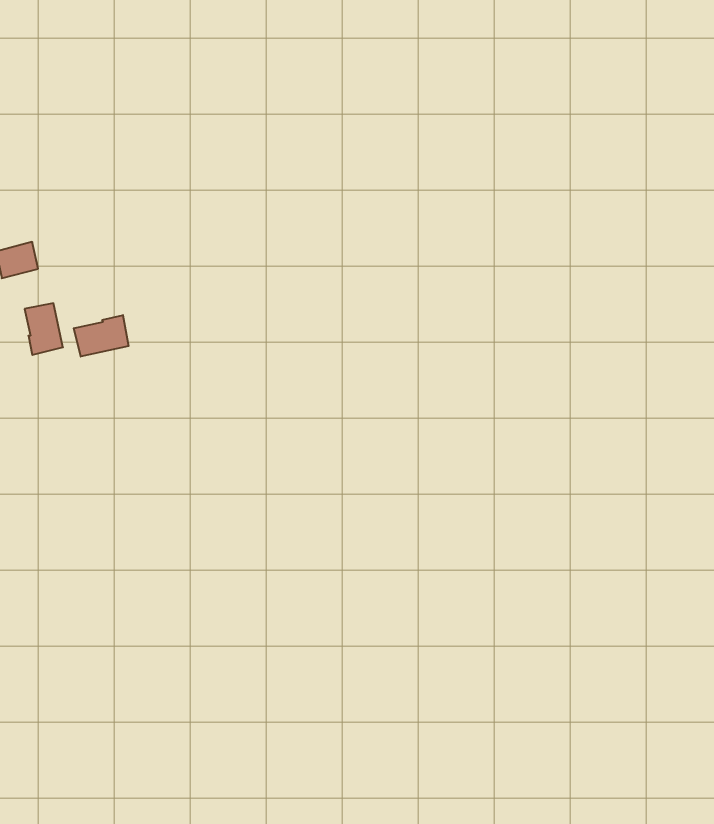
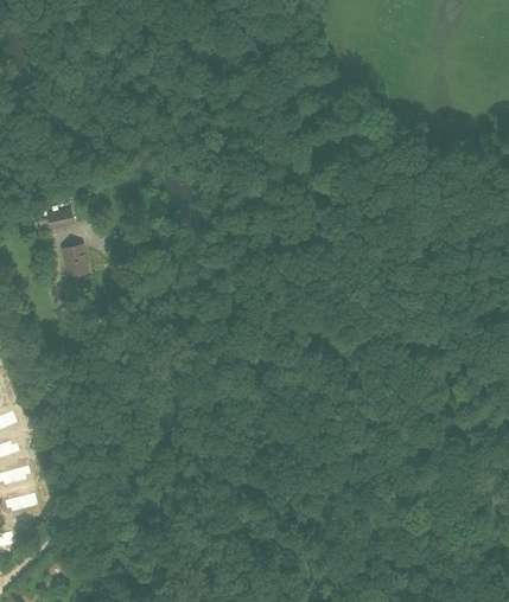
building: [74,315,129,357] -> none

